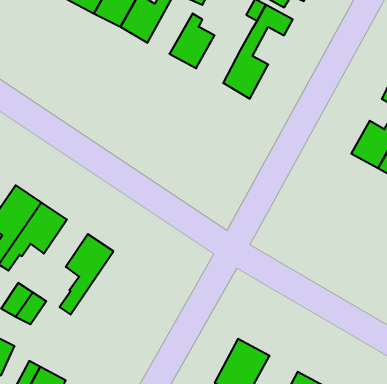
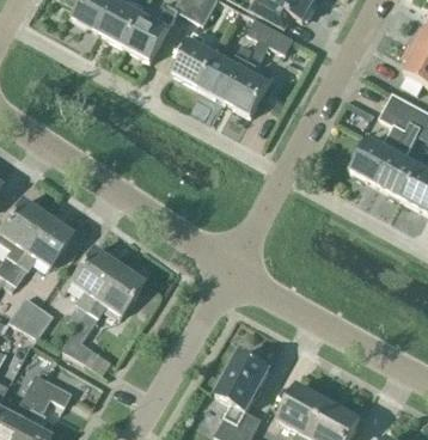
building: none -> [198,43,252,99]
building: none -> [61,264,142,362]

